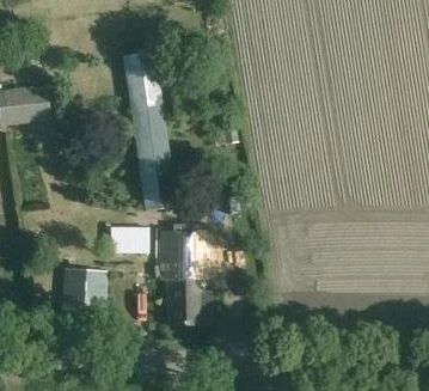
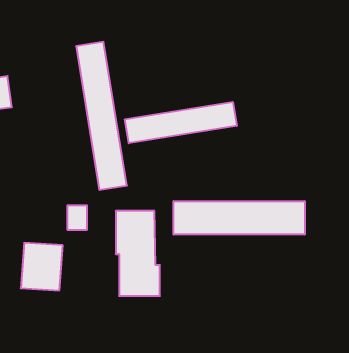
building: none -> [125,102,237,143]
building: none -> [174,201,305,235]

